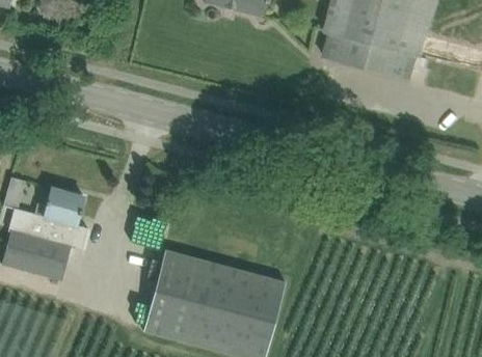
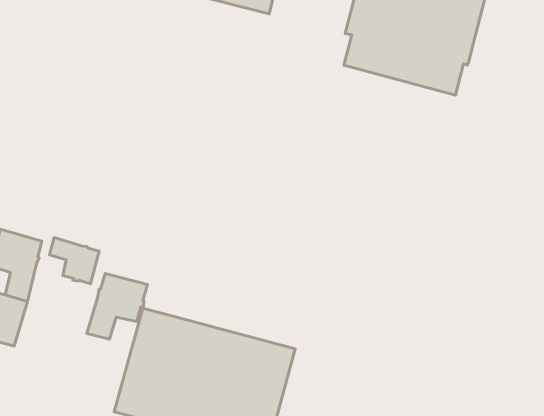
building: none -> [50,237,99,284]
building: none -> [87,273,148,339]

